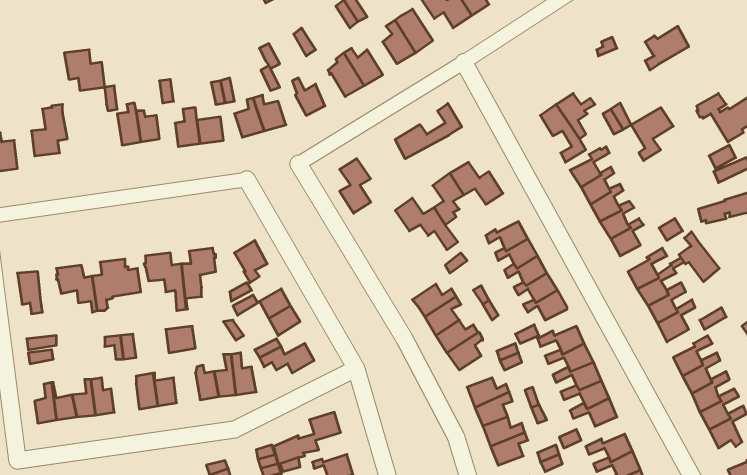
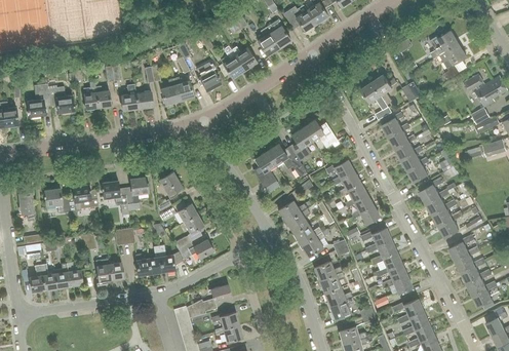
building: [64,50,105,90] -> [47,85,74,112]
building: [395,103,462,159] -> none
building: [631,108,673,161] -> [439,44,467,79]
building: [340,159,371,213] -> [254,152,275,188]
building: [679,232,719,282] -> none

